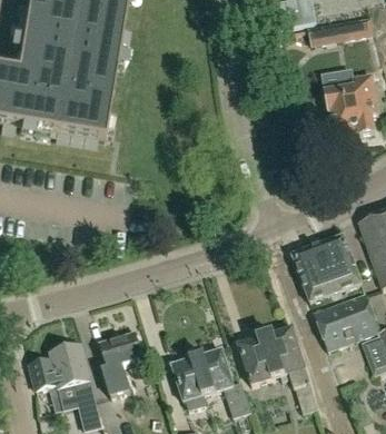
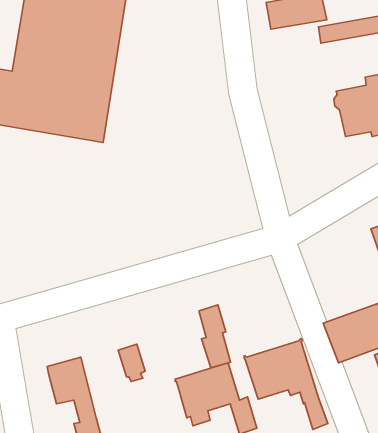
building: [291,233,360,299] -> none
building: [99,335,129,395] -> [199,305,231,368]
building: [29,357,62,407] -> none

